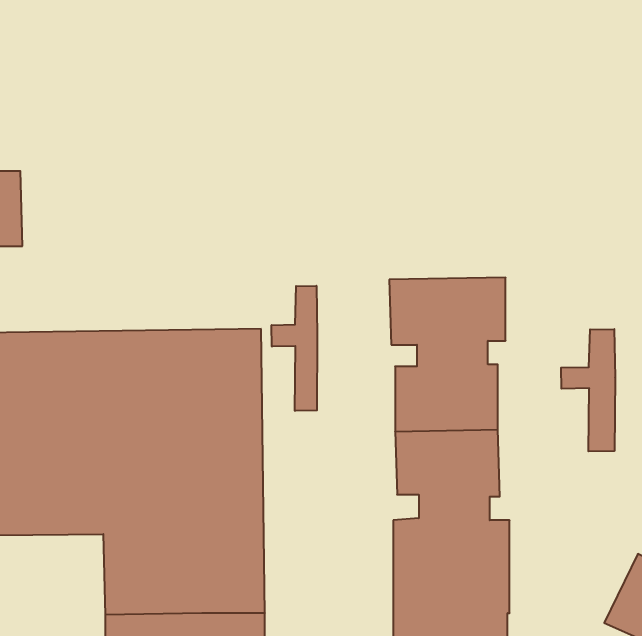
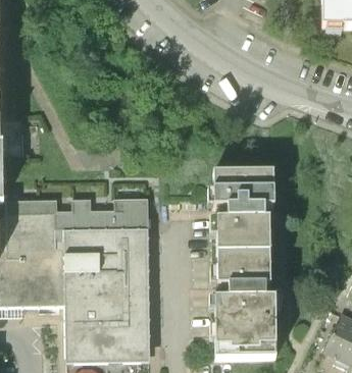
building: [272,286,317,411] -> none
building: [561,329,615,451] -> none

